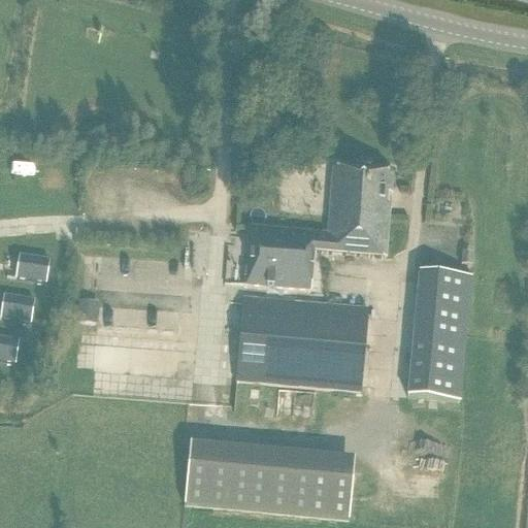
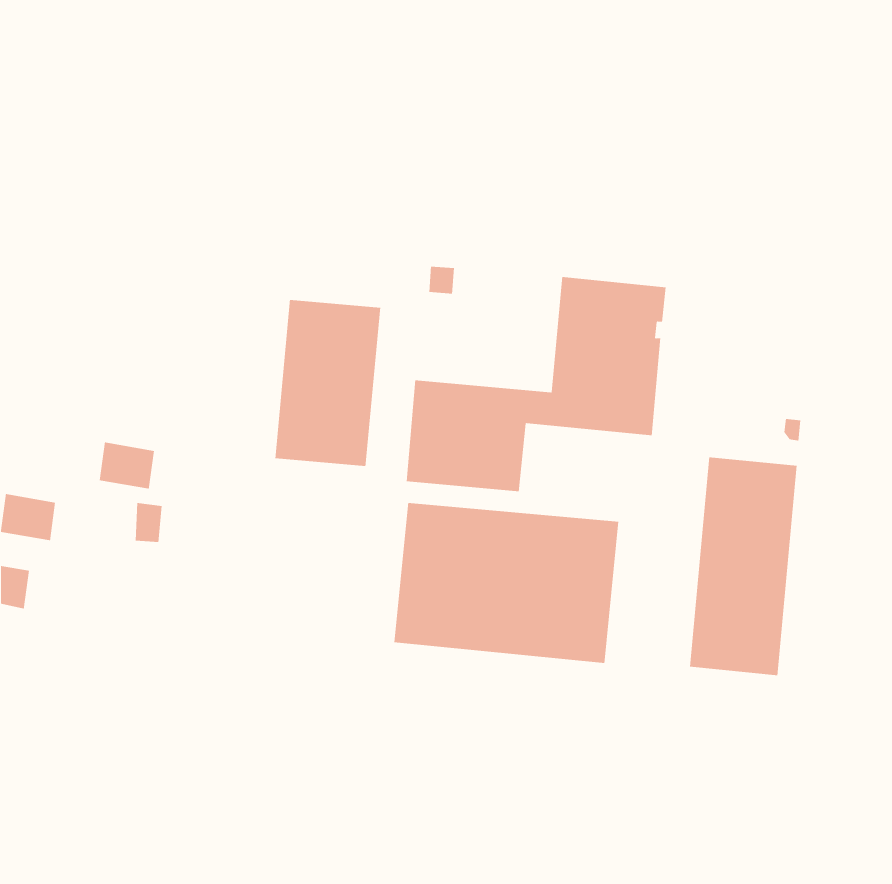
building: none -> [275,299,381,467]
building: [16,251,50,278] -> [99,442,155,489]
building: [185,451,354,517] -> none

